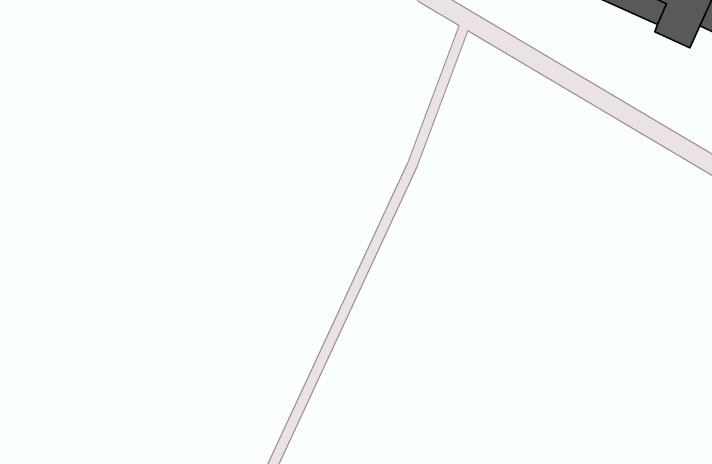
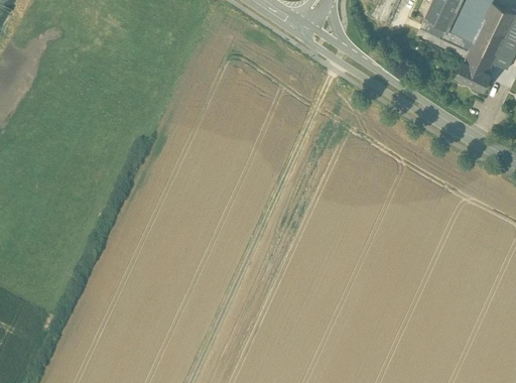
building: none -> [461,55,496,84]

